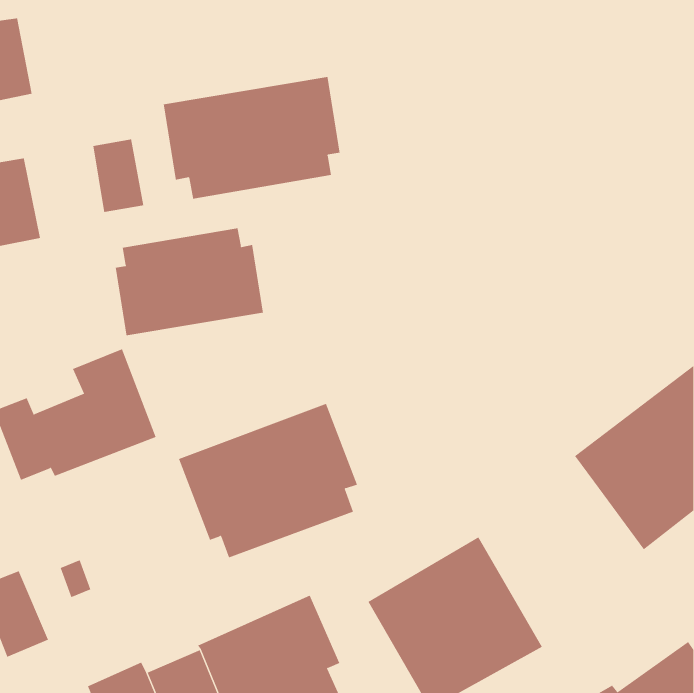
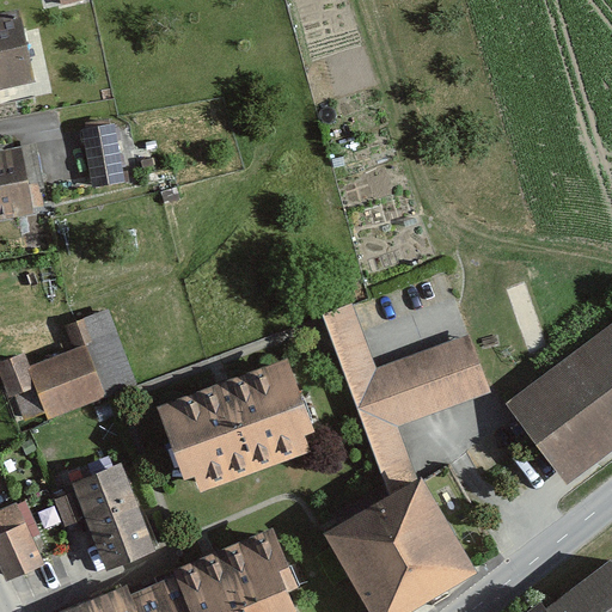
building: [163,76,340,199] -> none
building: [115,227,263,336] -> none
building: none -> [322,302,490,486]
building: none -> [69,463,157,570]

